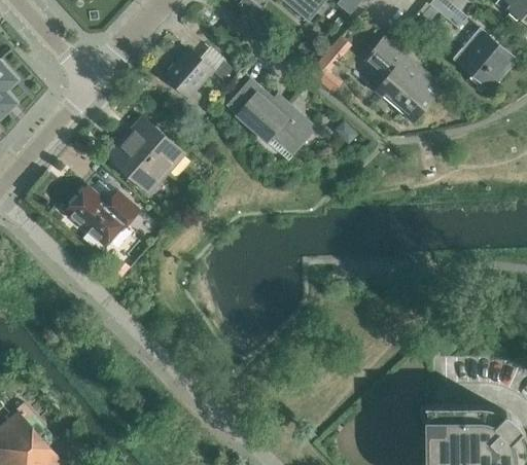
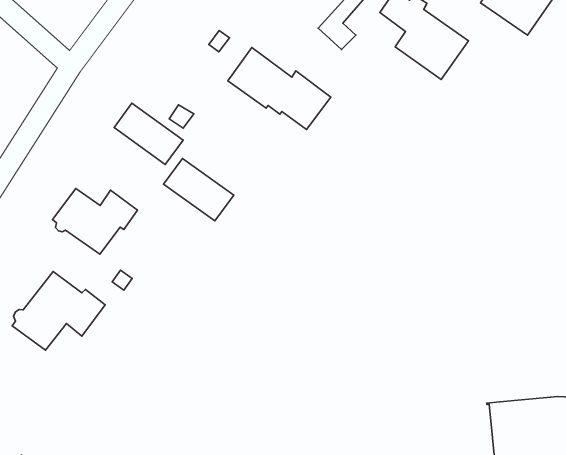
building: [166,49,212,97] -> none
building: [107,136,167,192] -> [164,158,234,221]
building: none -> [12,272,105,350]

